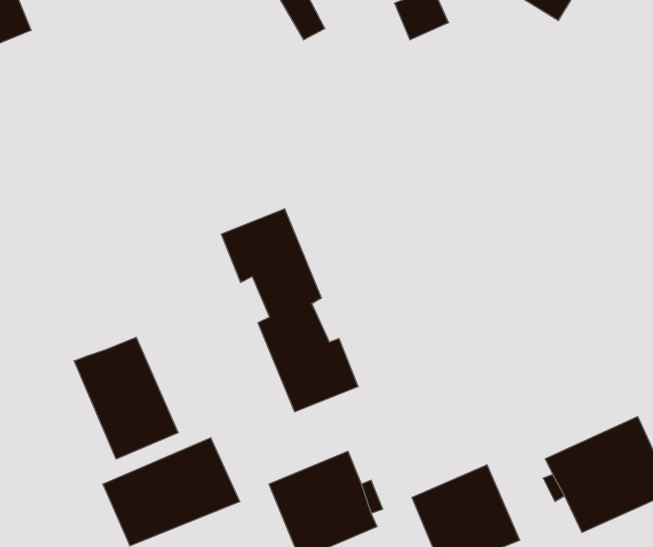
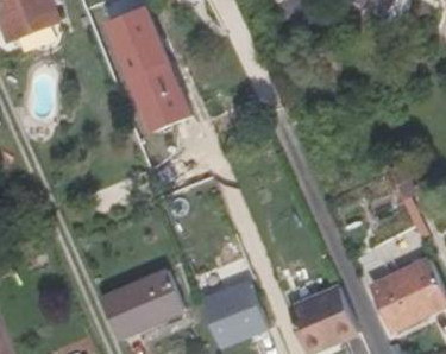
building: [221,209,358,412] -> [105,7,189,132]
building: [74,337,178,459] -> none

